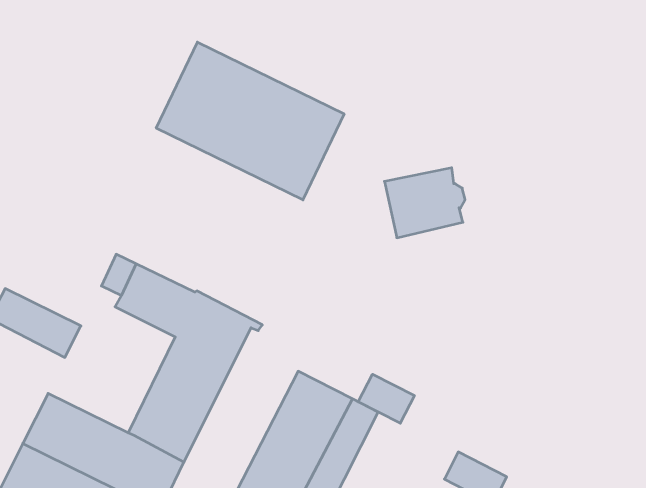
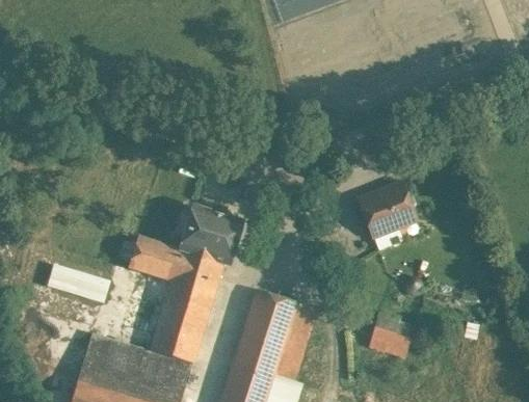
building: [156,42,344,200] -> none
building: [384,168,465,238] -> [358,183,415,236]
building: none -> [181,206,241,263]
building: [358,374,414,423] -> none

